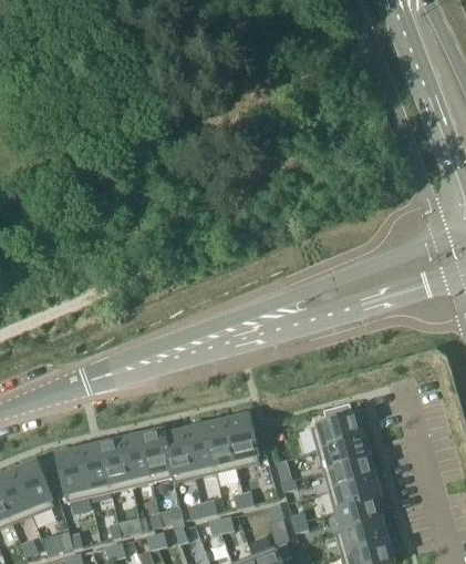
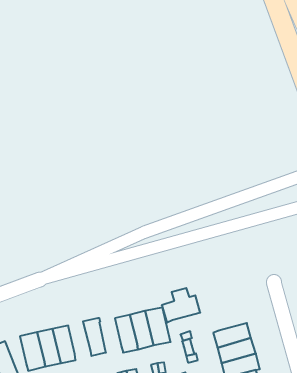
building: [311,403,363,450] -> [162,288,200,322]
building: [164,430,196,482] -> none
building: [122,434,153,486] -> none

